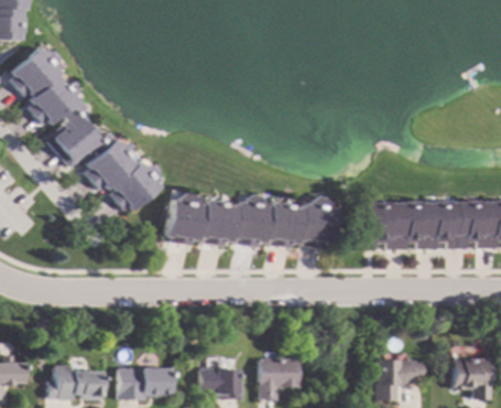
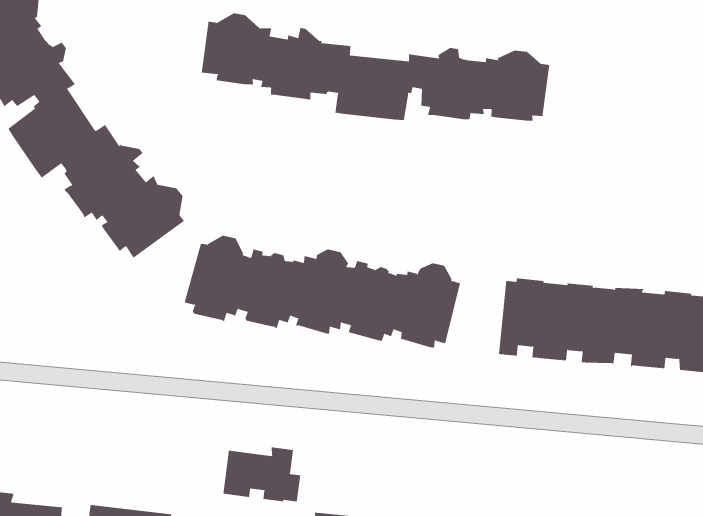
building: none -> [201,13,550,122]
building: none -> [223,447,301,502]

